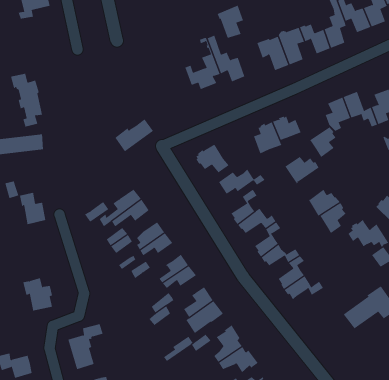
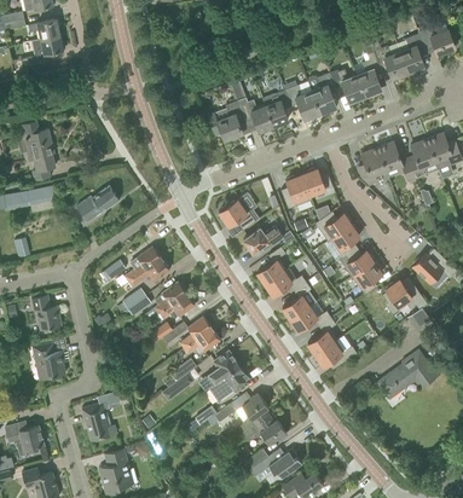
building: [217,5,244,39] -> [261,88,290,124]
building: [114,119,154,152] -> [76,185,118,221]
building: [309,126,337,158] -> [329,222,359,256]
building: [19,192,46,225] -> [31,294,60,329]

